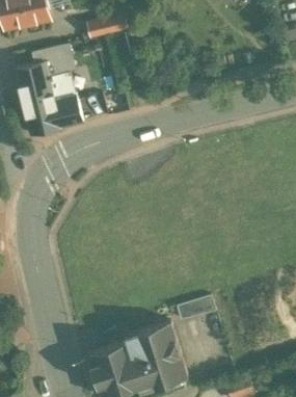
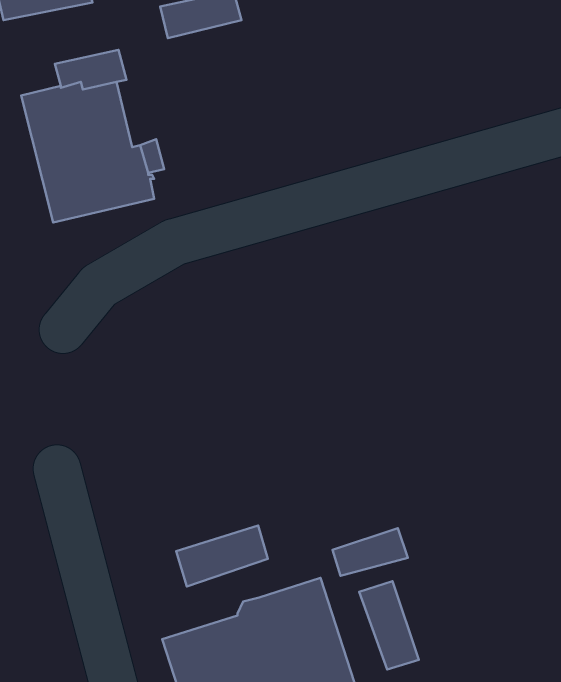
building: none -> [176,525,268,586]
building: none -> [359,581,419,669]

